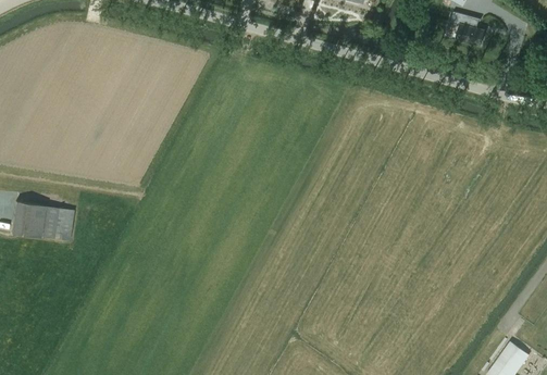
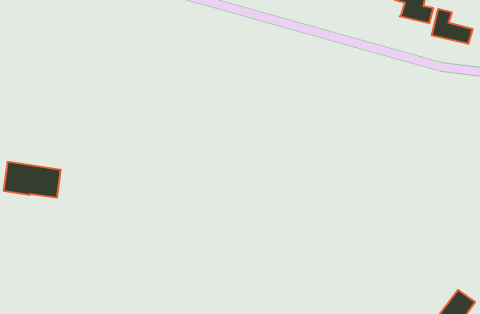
building: none -> [432,9,473,44]

